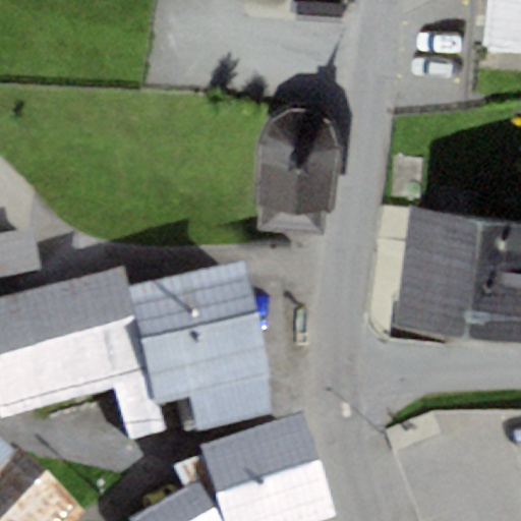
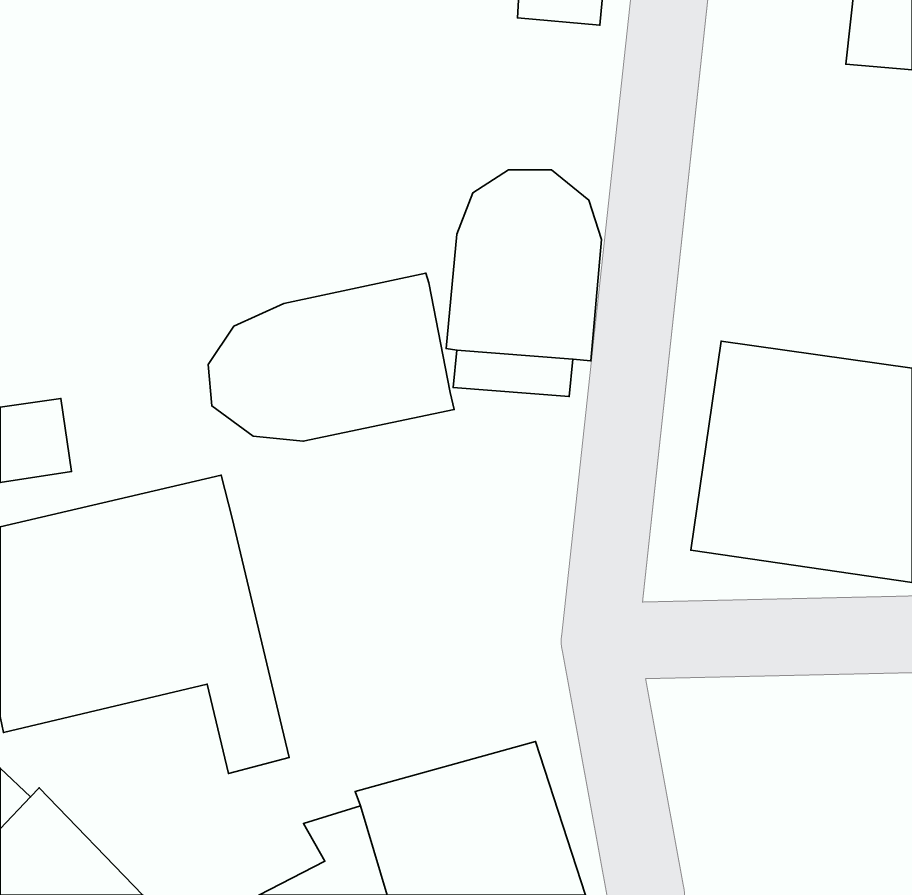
building: none -> [208,273,454,441]
building: [132,272,274,439] -> none

